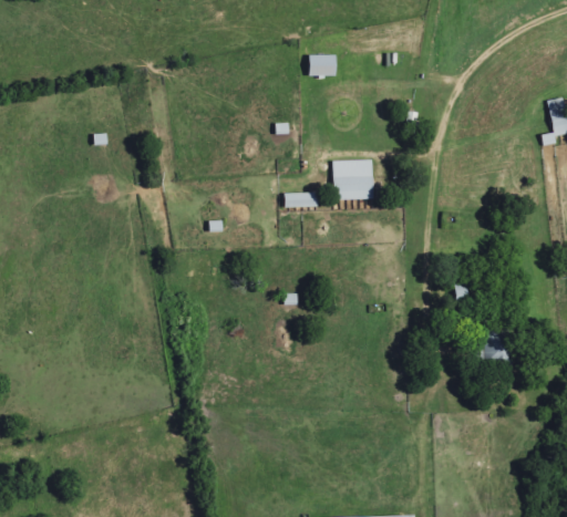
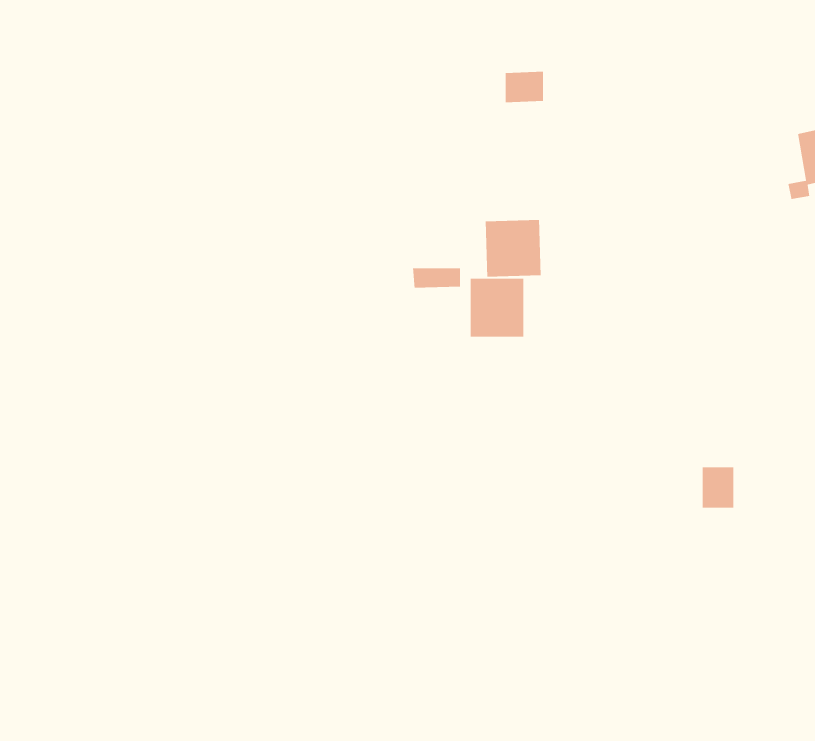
building: [310,54,337,76] -> [505,71,544,103]
building: none -> [470,278,524,337]

